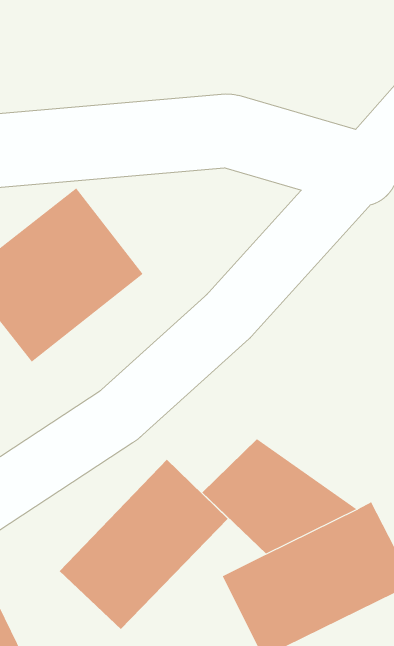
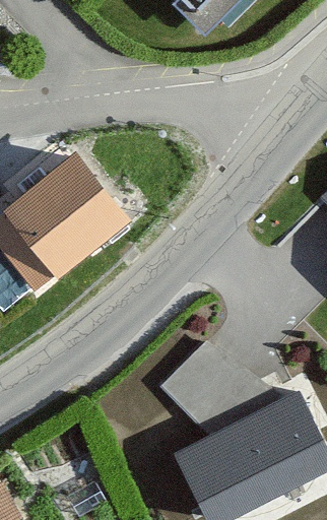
building: [59,459,228,630] -> none

